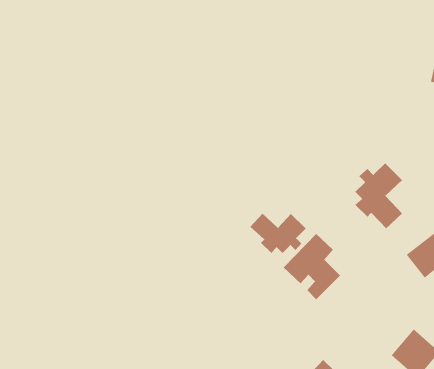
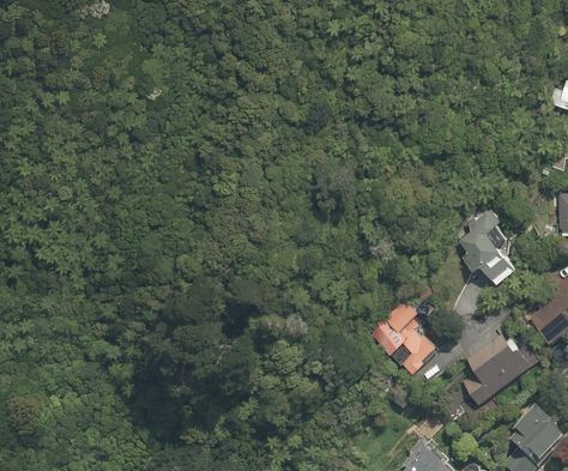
building: [250,213,306,254] -> none
building: none -> [465,333,543,405]

